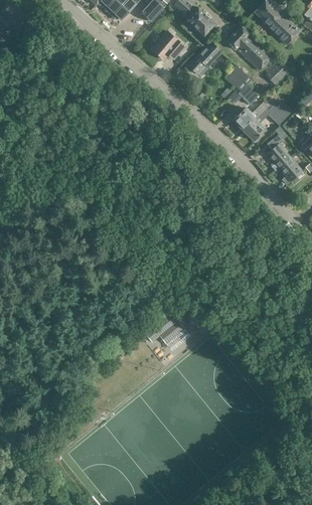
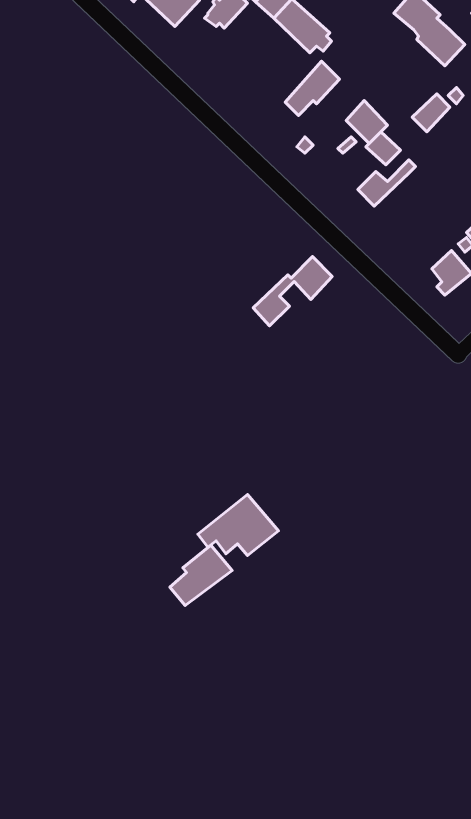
building: [226,25,273,70] -> none
building: [153,32,185,59] -> none
building: [244,99,292,141] -> [253,257,332,326]
building: [267,135,291,170] -> none
building: none -> [170,545,232,605]

